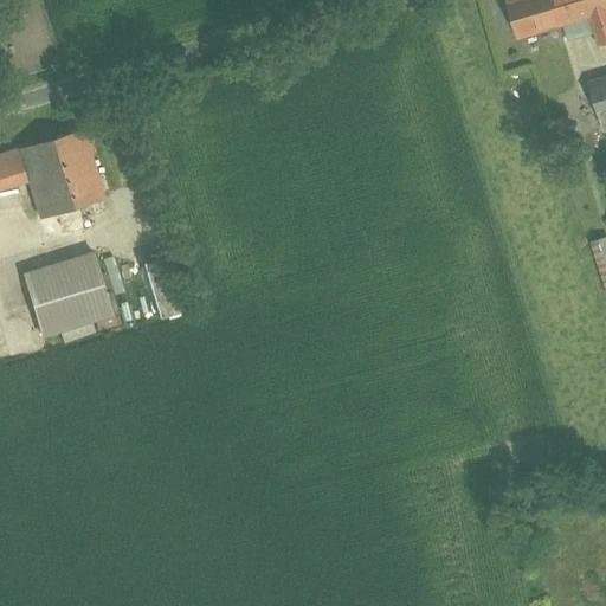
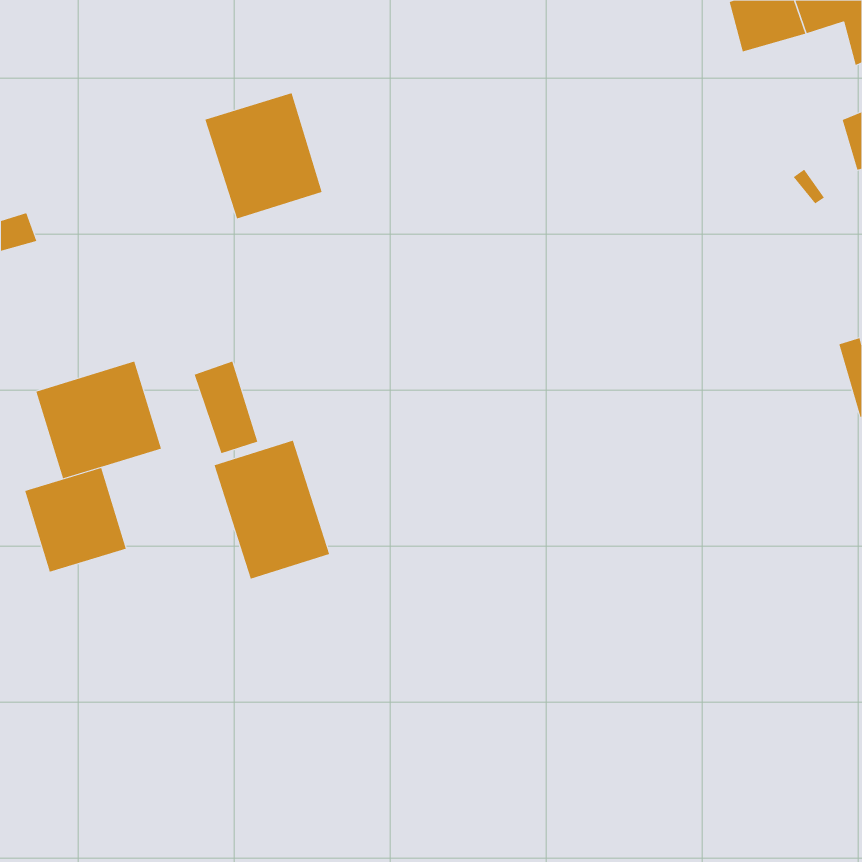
building: [21,129,104,218] -> [204,93,322,219]
building: none -> [214,440,330,579]
building: none -> [25,467,126,572]

